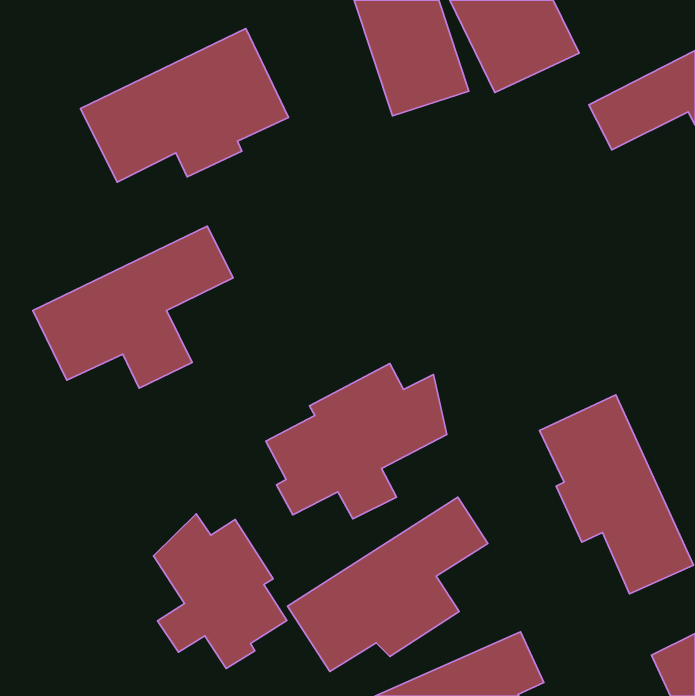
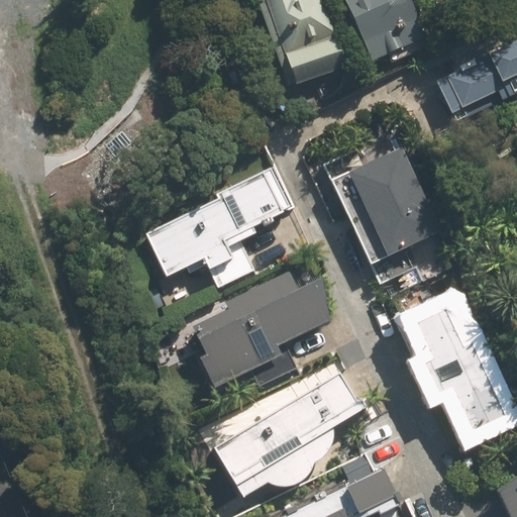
building: [81,28,288,182] -> none
building: none -> [344,146,443,262]
building: [33,226,233,388] -> [139,169,288,289]
building: [153,514,287,669] -> none

